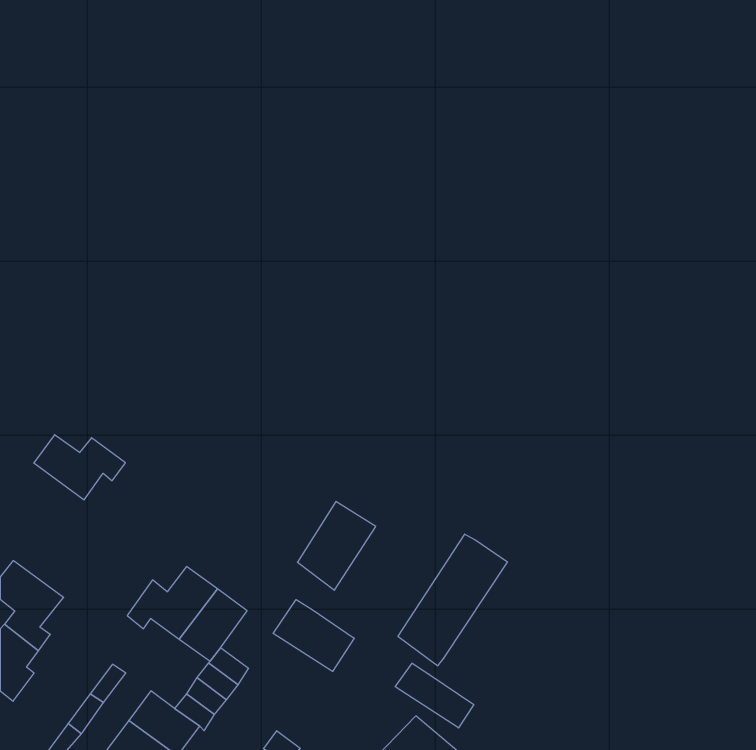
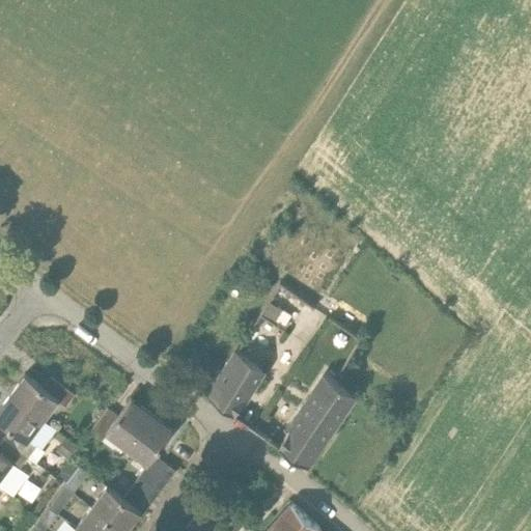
building: [34,435,125,500] -> [9,378,74,423]
building: [273,600,354,671] -> none
building: [395,663,474,728] -> none

